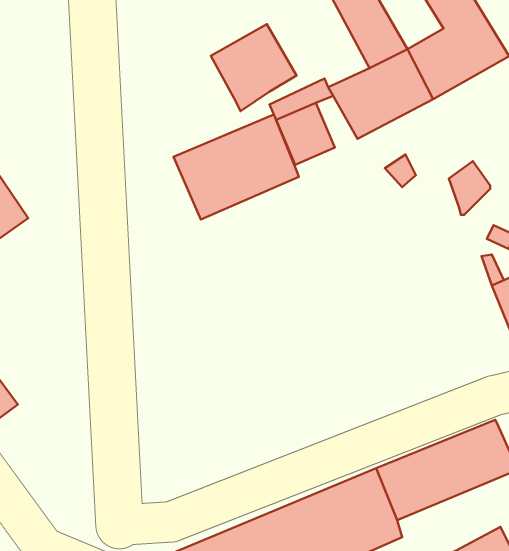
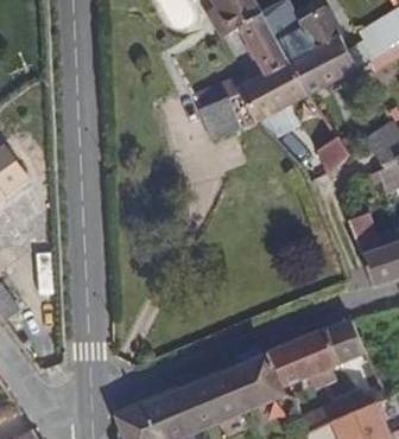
building: [211,24,297,111] -> none
building: [174,114,299,219] -> none

